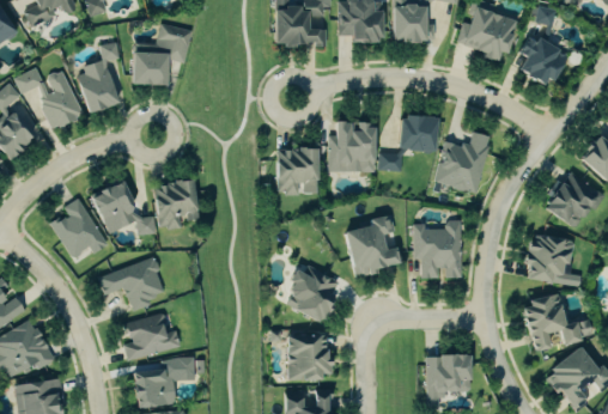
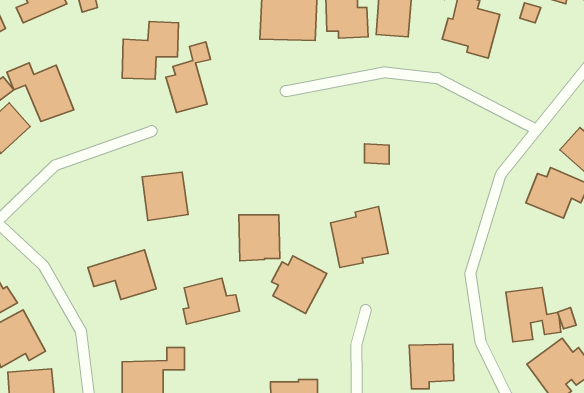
building: [519,39,566,86] -> none
building: [77,41,122,112] -> [166,42,211,112]
building: [399,116,437,151] -> none
building: [329,122,375,172] -> none
building: [436,133,493,195] -> none
building: [276,148,318,195] -> [239,215,280,261]
building: [92,179,157,235] -> none
building: [51,199,109,260] -> none
building: [415,221,472,279] -> none
building: [524,235,583,286] -> none
building: [124,313,182,360] -> [183,278,240,324]
building: [287,335,333,380] -> none

